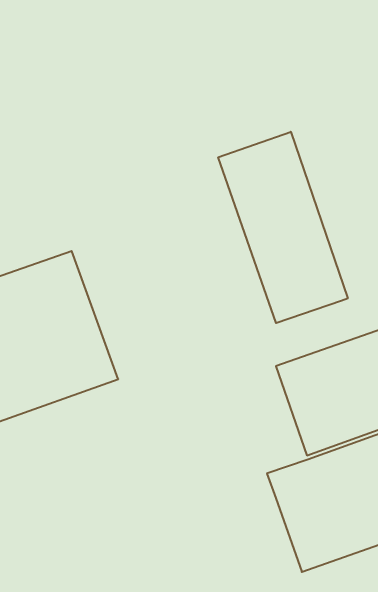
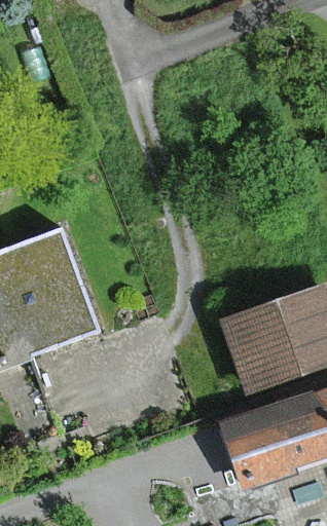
building: [218,132,348,323] -> none

